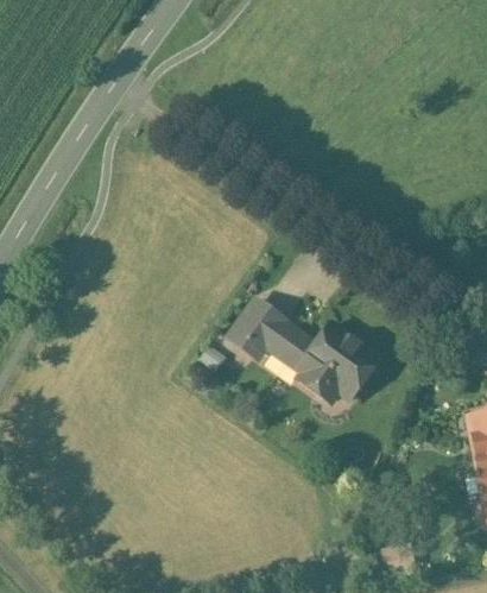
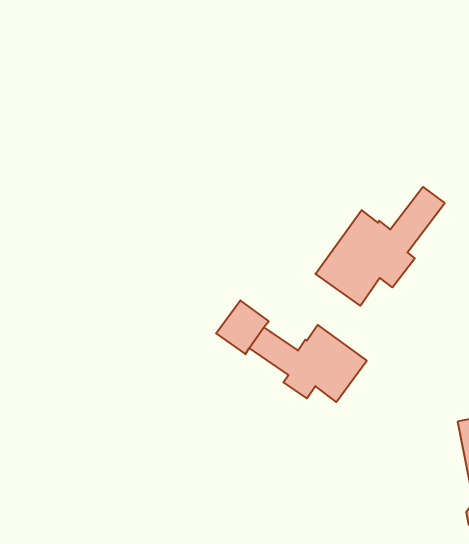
building: none -> [315,187,445,306]

